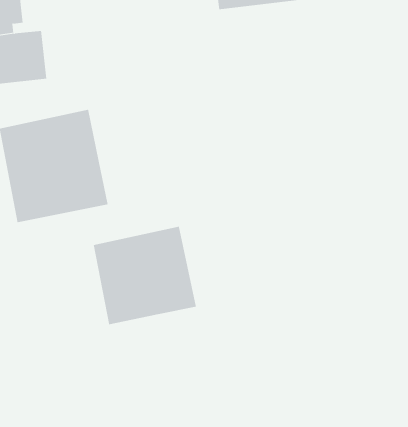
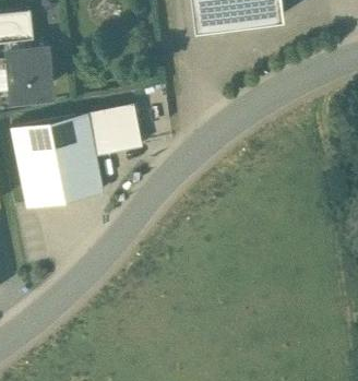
building: none -> [86,105,142,157]
building: [93,226,196,325] -> none

